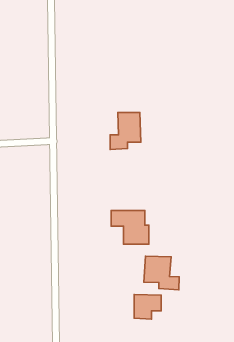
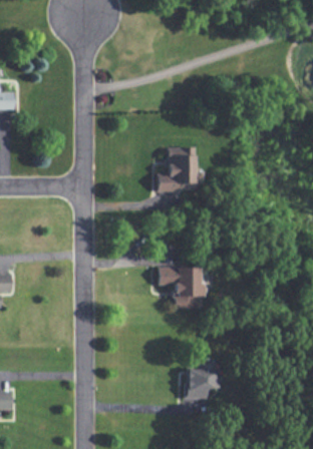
building: [144,256,179,290] -> none

